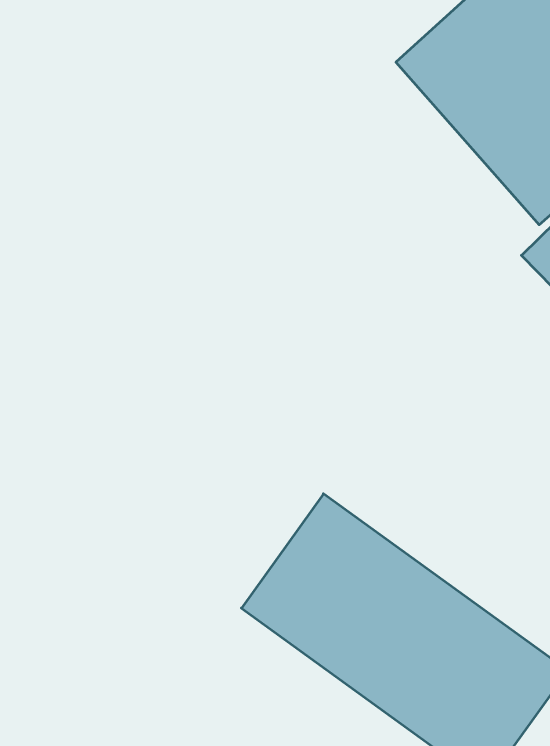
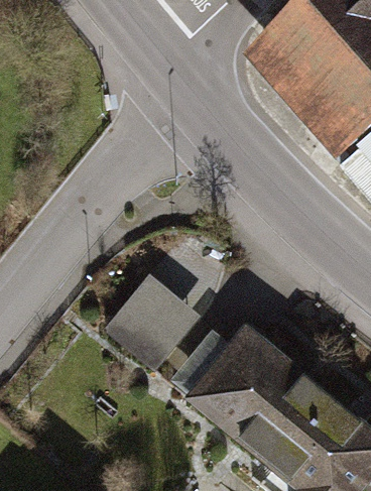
building: none -> [106,268,206,369]

